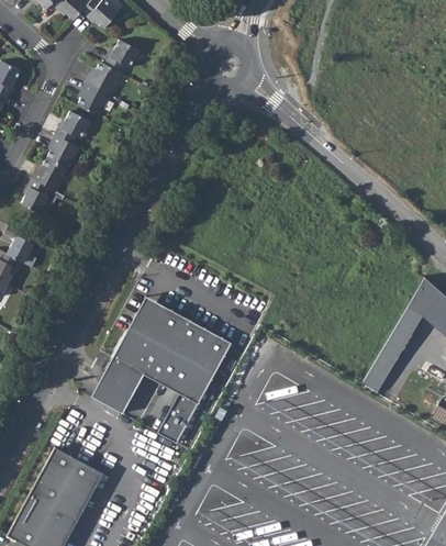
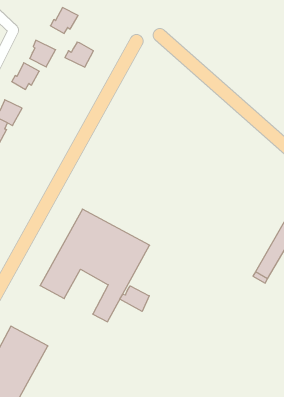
building: [86,63,122,94] -> [65,42,93,67]
building: [46,135,79,169] -> none
building: none -> [120,286,149,311]

